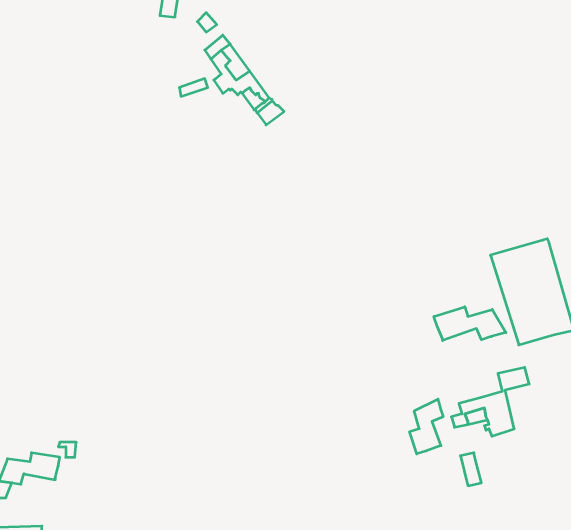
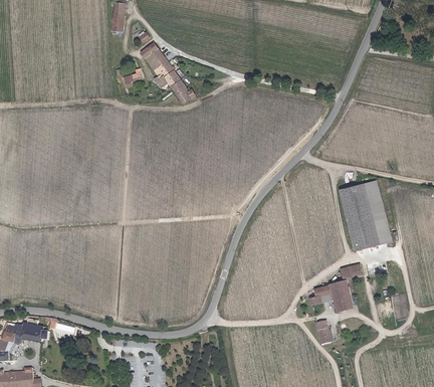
building: [434,307,506,341] -> none
building: [410,399,443,454] -> none

